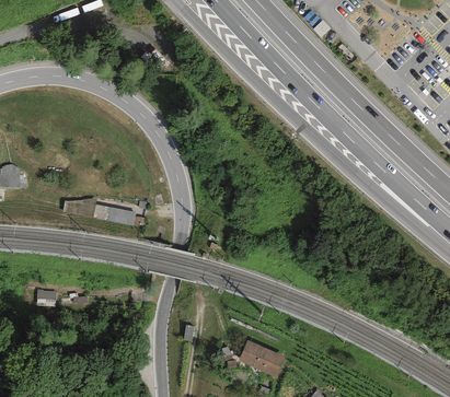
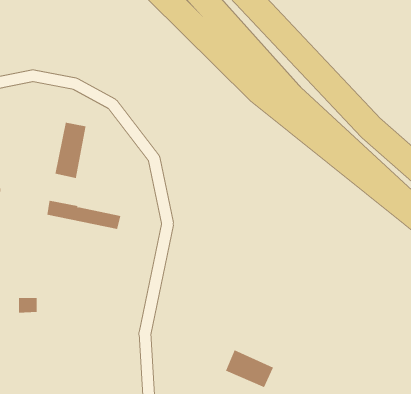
building: none -> [55,122,86,179]

